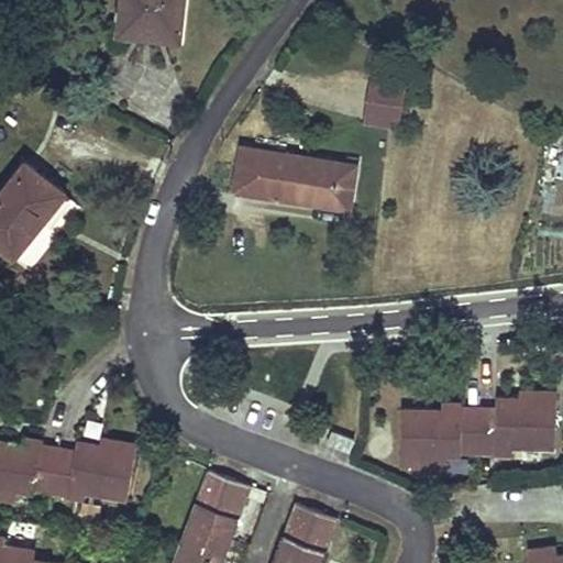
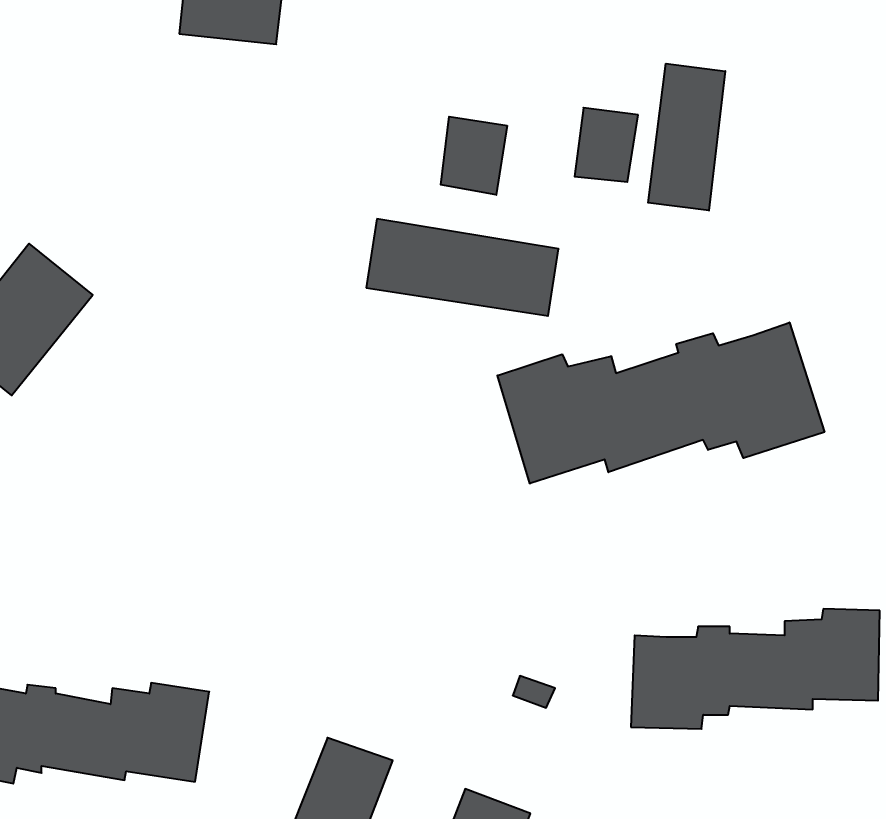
building: none -> [648,64,725,211]
building: none -> [441,117,507,195]
building: none -> [497,322,824,484]

